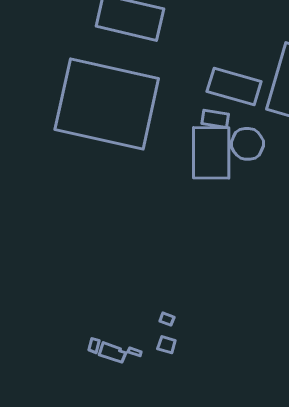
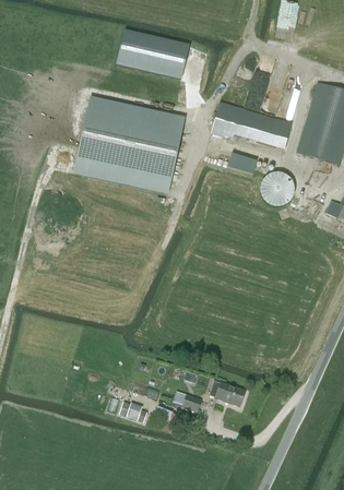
building: none -> [212,101,241,136]
building: [194,128,229,178] -> none
building: none -> [209,380,245,405]

